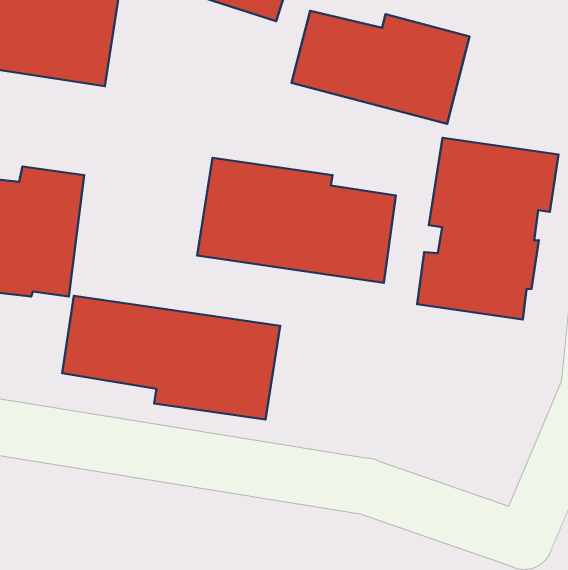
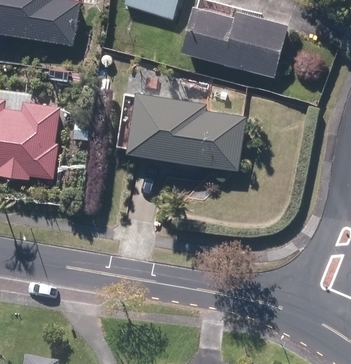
building: [417,138,558,319] -> none
building: [62,296,280,420] -> none

